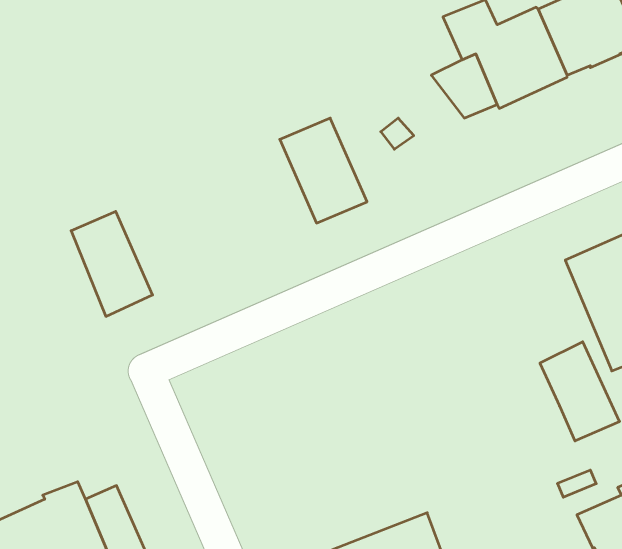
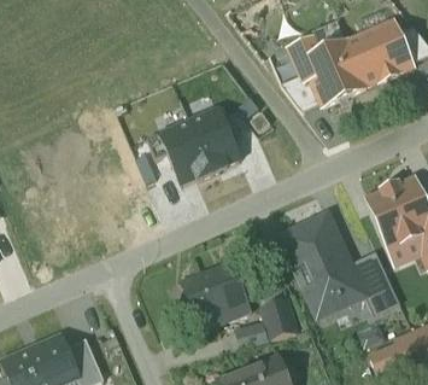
building: [71,211,153,316] -> [159,122,210,187]
building: none -> [281,212,360,310]
building: none -> [184,261,250,327]
building: none -> [262,297,297,336]

